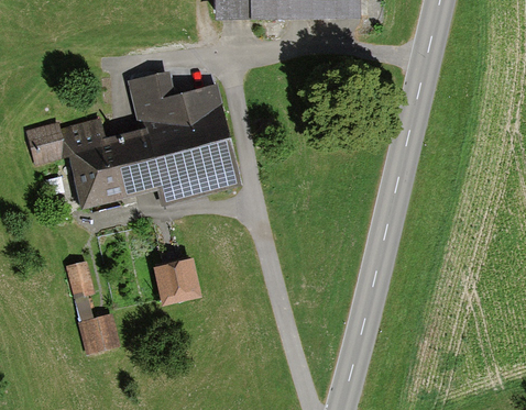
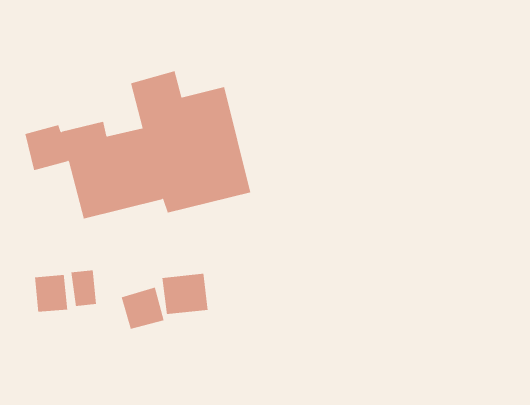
building: none -> [34,274,68,312]
building: [80,314,122,355] -> [121,287,165,330]

